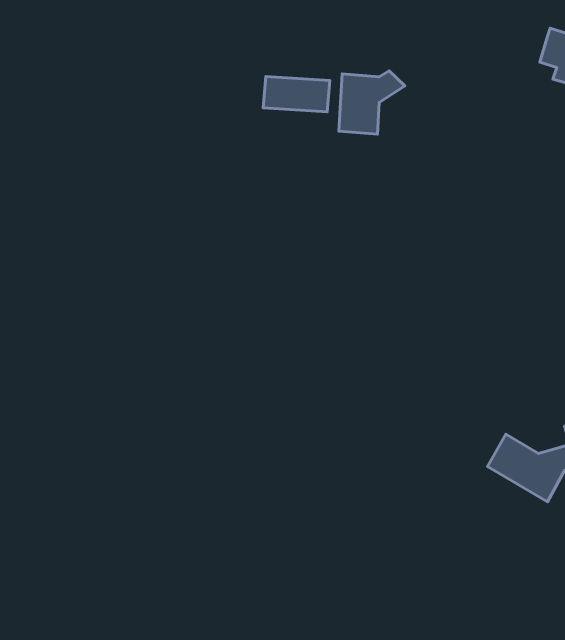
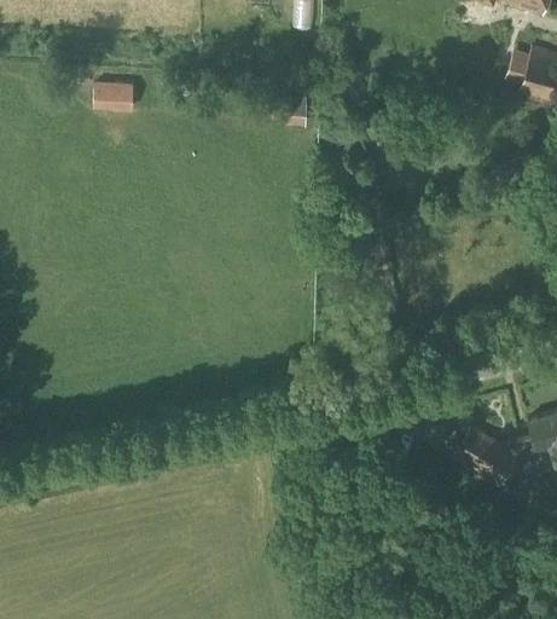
building: none -> [93,81,134,109]
building: [339,71,405,134] -> none

